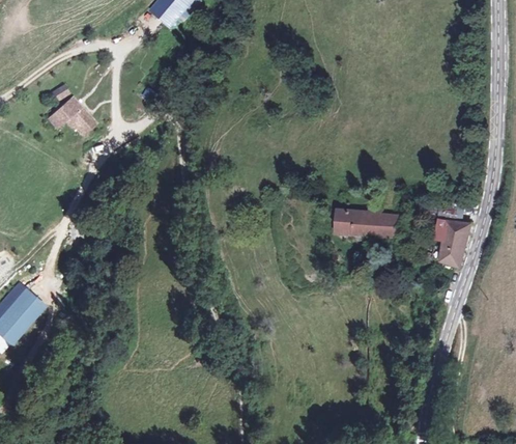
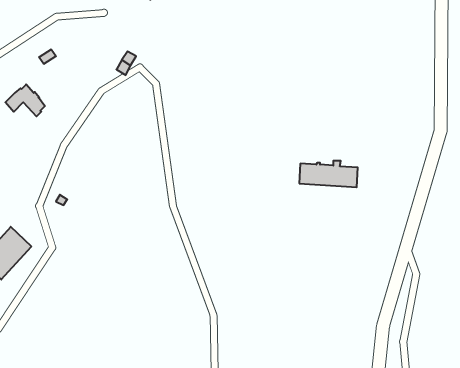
building: [49,100,92,135] -> [5,84,45,116]
building: [440,218,469,266] -> none

